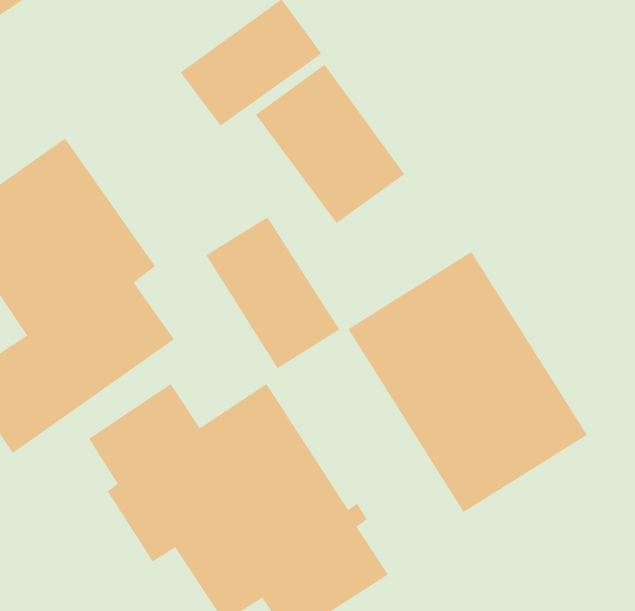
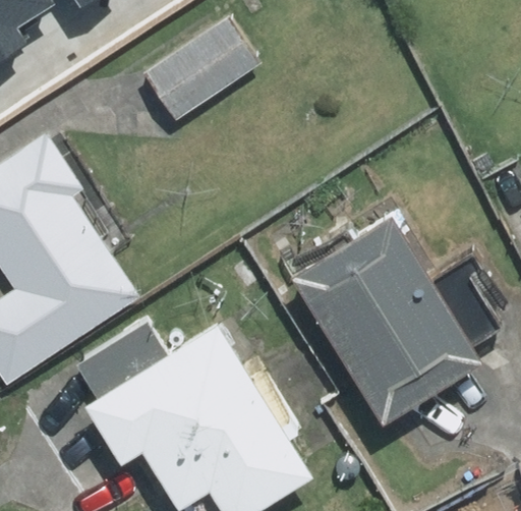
building: [255,64,405,224] -> none
building: [205,216,340,369] -> none

